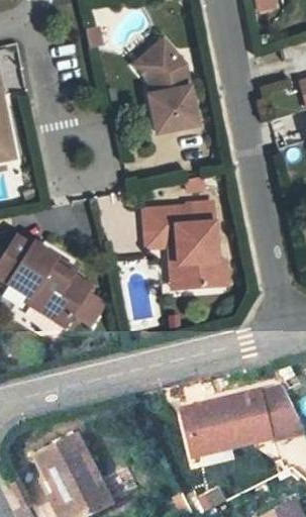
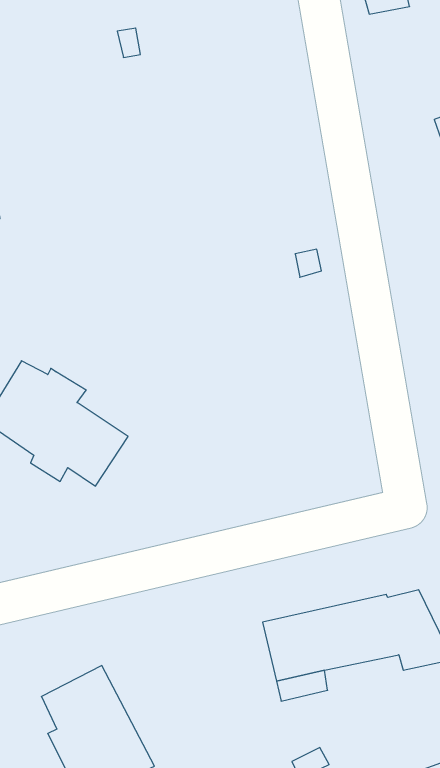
building: [133,33,196,129] -> none
building: [146,202,233,290] -> none

